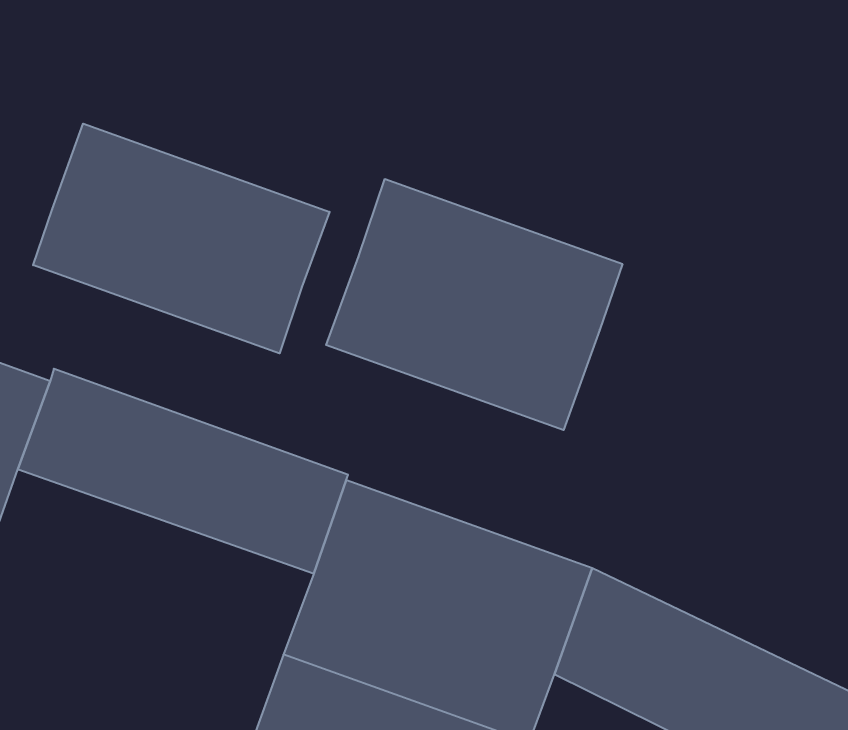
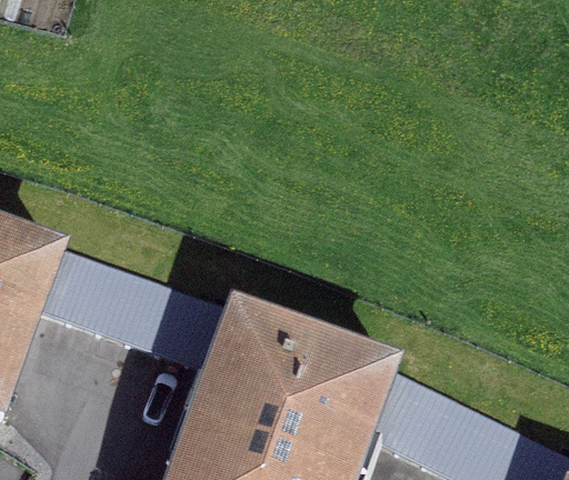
building: [33,124,330,353] -> none
building: [326,179,622,430] -> none

